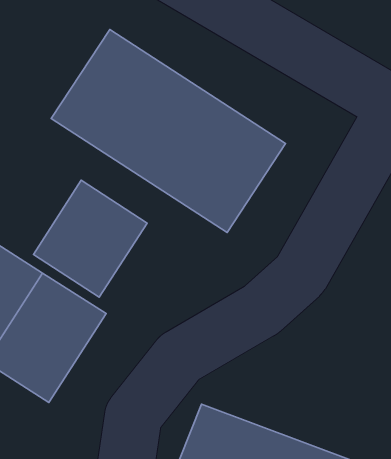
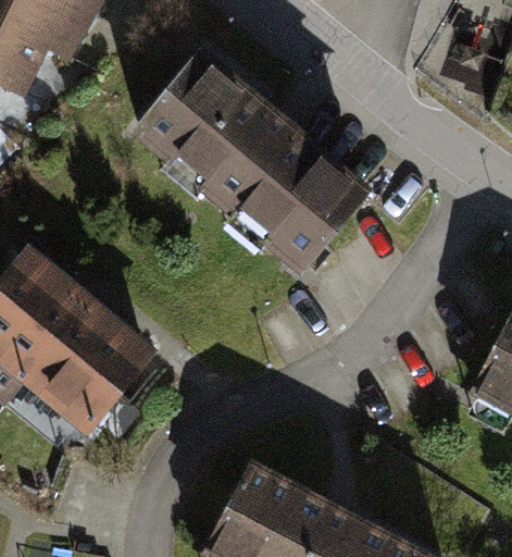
building: [33,180,147,297] -> none

